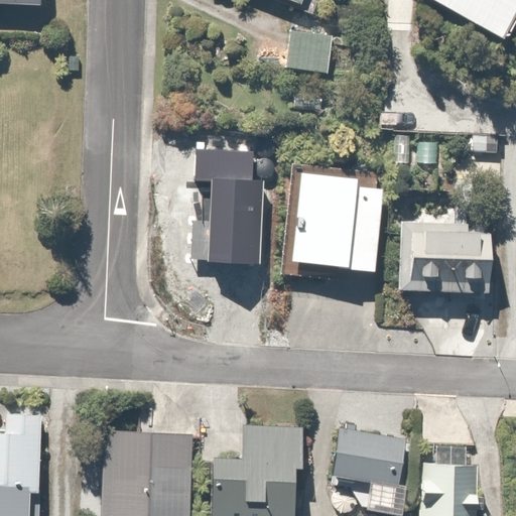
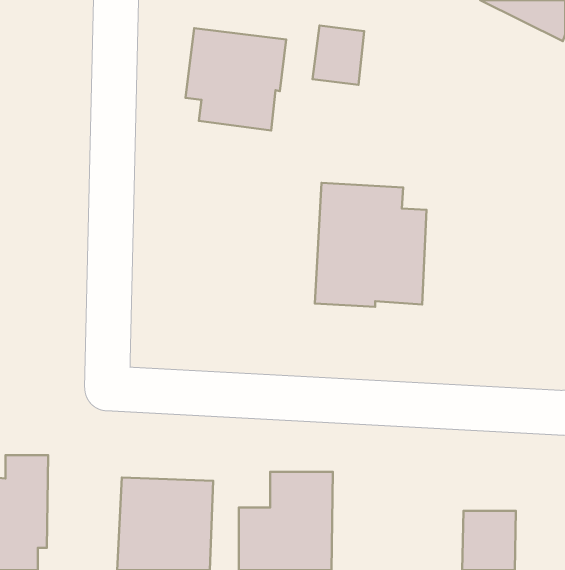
building: none -> [185,28,286,131]
building: [191,147,259,264] -> none
building: [401,221,490,298] -> none
building: [333,429,410,510] -> none

